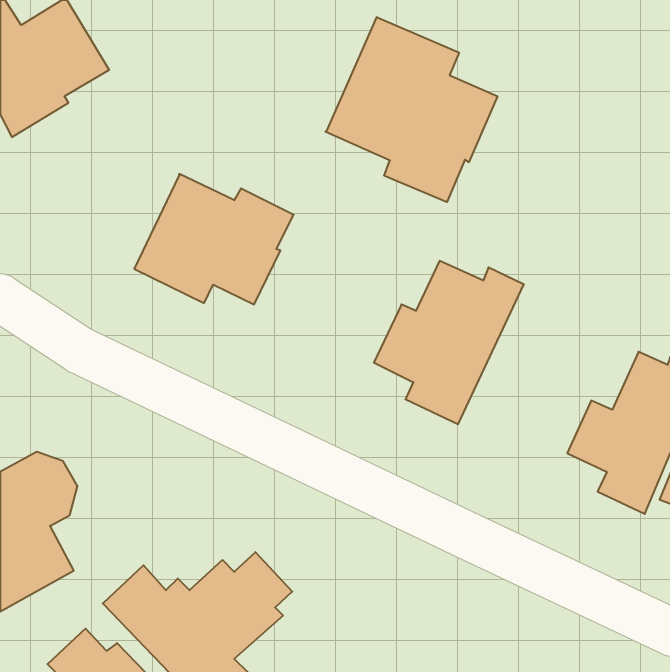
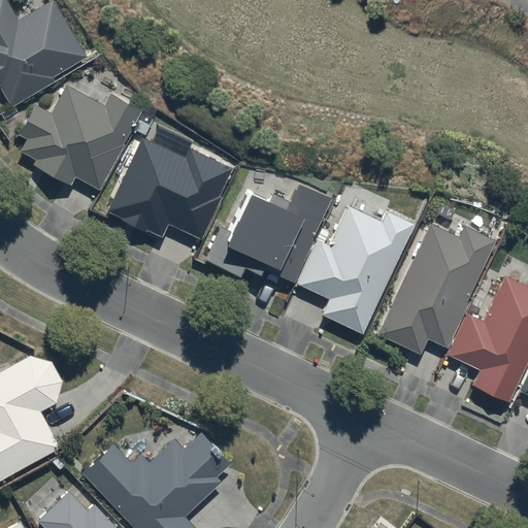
building: [325,17,497,202] -> none
building: none -> [18,86,141,191]
building: none -> [205,185,328,282]
building: none -> [376,223,495,355]

